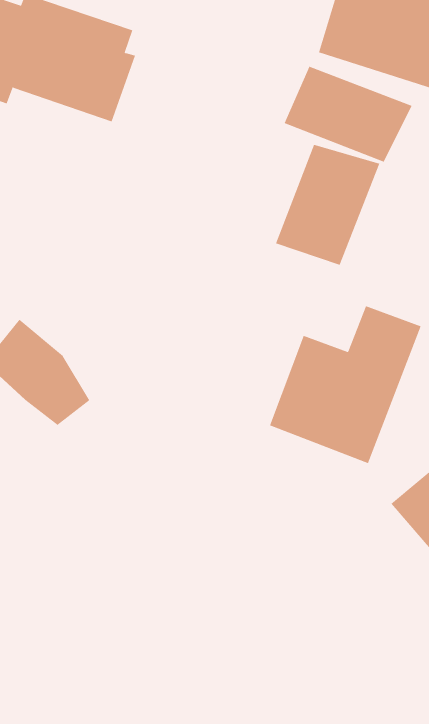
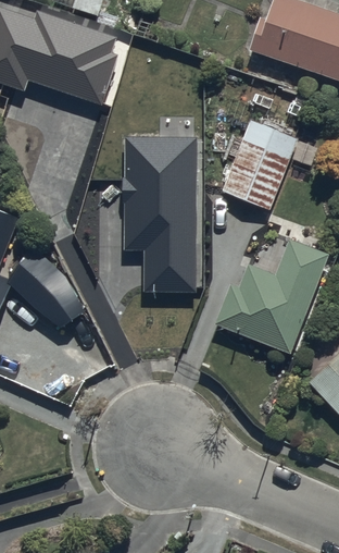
building: [284,66,413,162] -> none
building: none -> [123,135,198,291]

